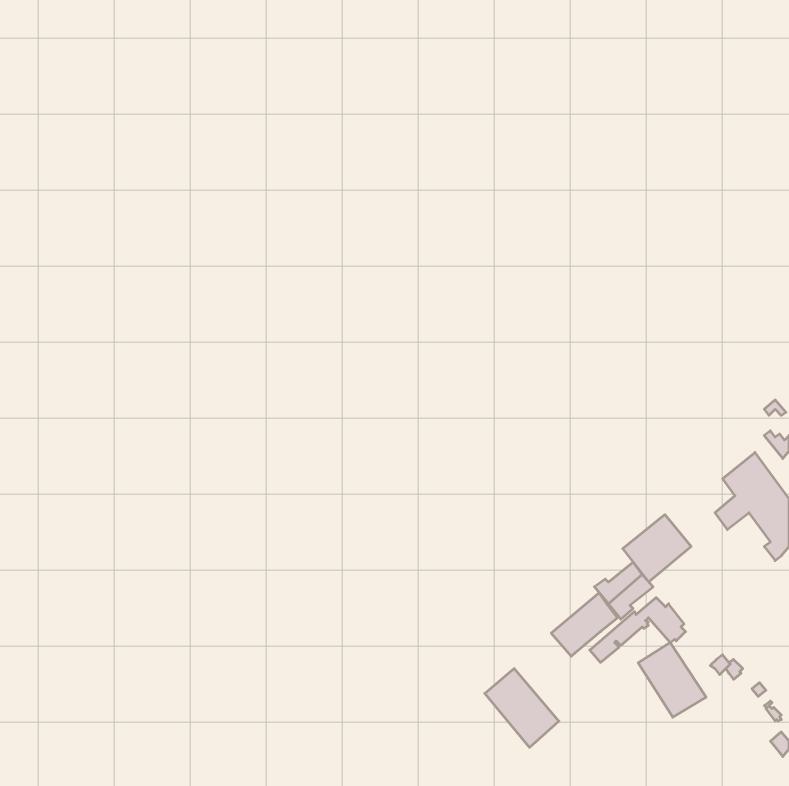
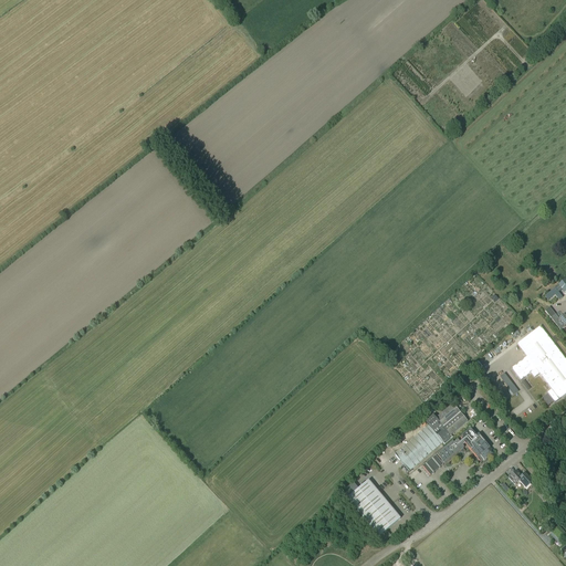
building: [623,515,691,582] -> none
building: [638,642,706,717] -> none

